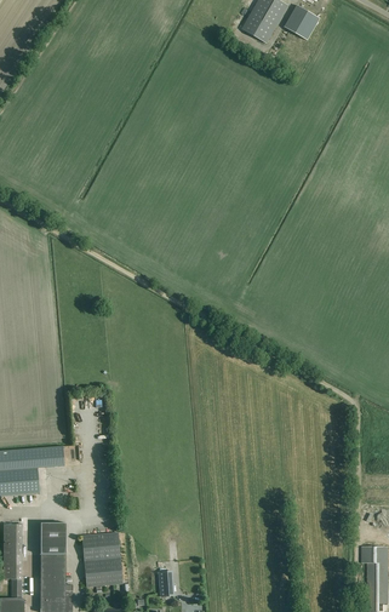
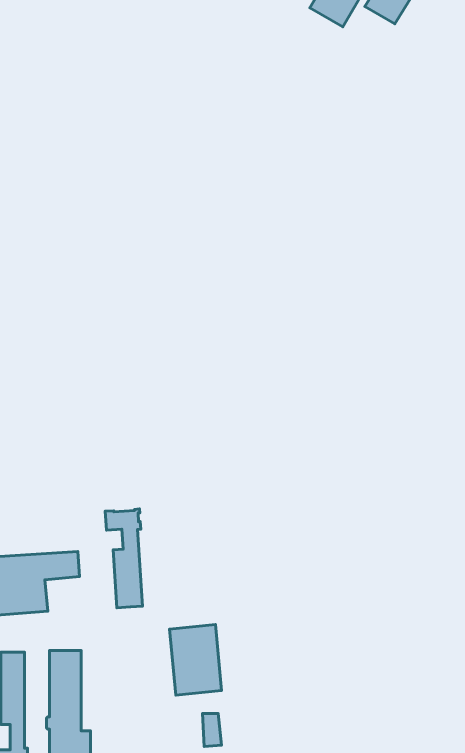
building: none -> [105,509,143,608]
building: [82,532,122,587] -> [170,624,222,695]

